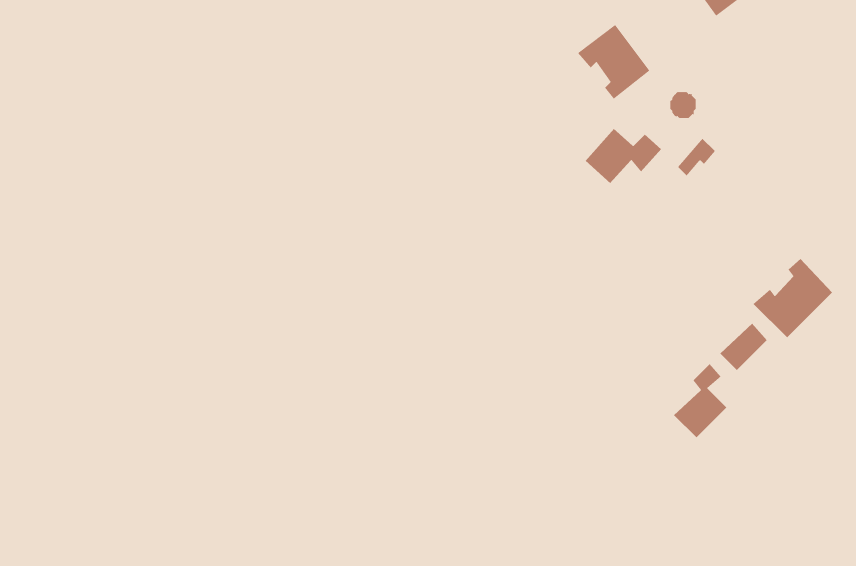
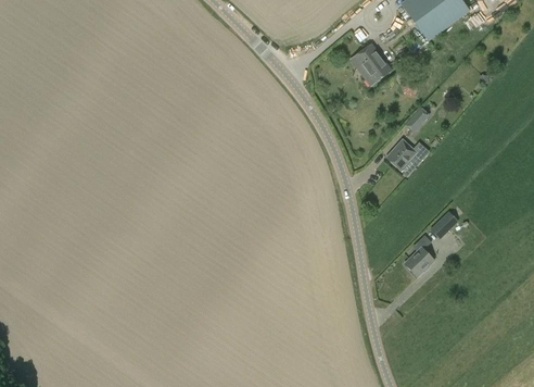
building: [585,128,662,184] -> [385,139,429,171]
building: [753,258,833,338] -> none

